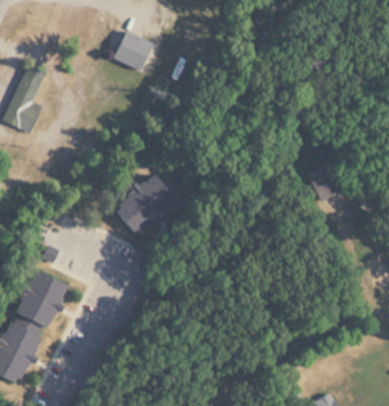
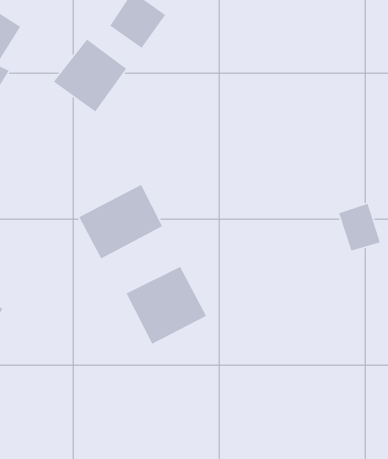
building: none -> [53,39,127,113]
building: none -> [126,266,207,345]

